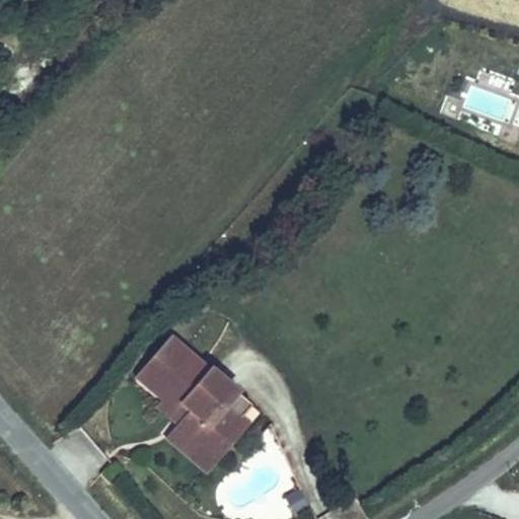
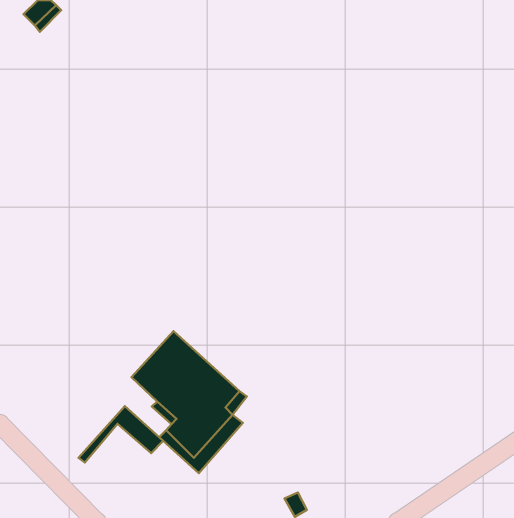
building: none -> [79,406,163,462]

